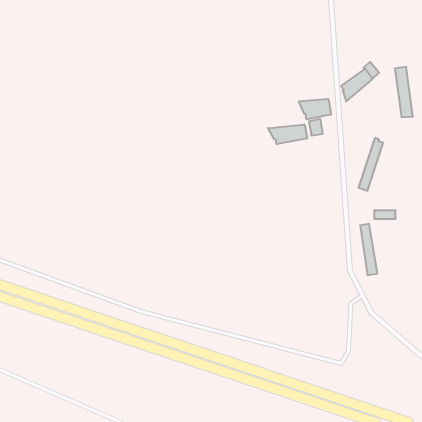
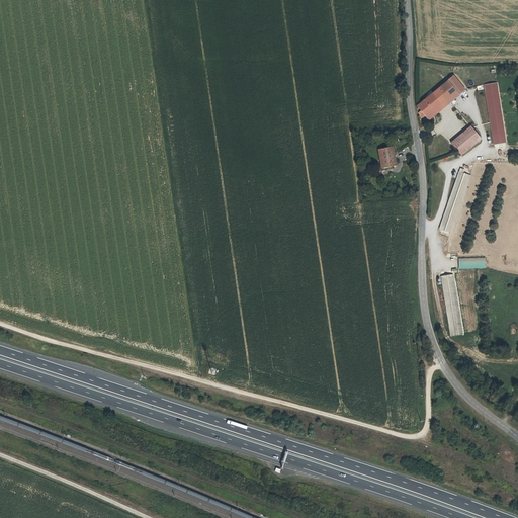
building: [299,99,331,119] -> none
building: none -> [452,121,485,153]
building: [268,124,307,144] -> none

